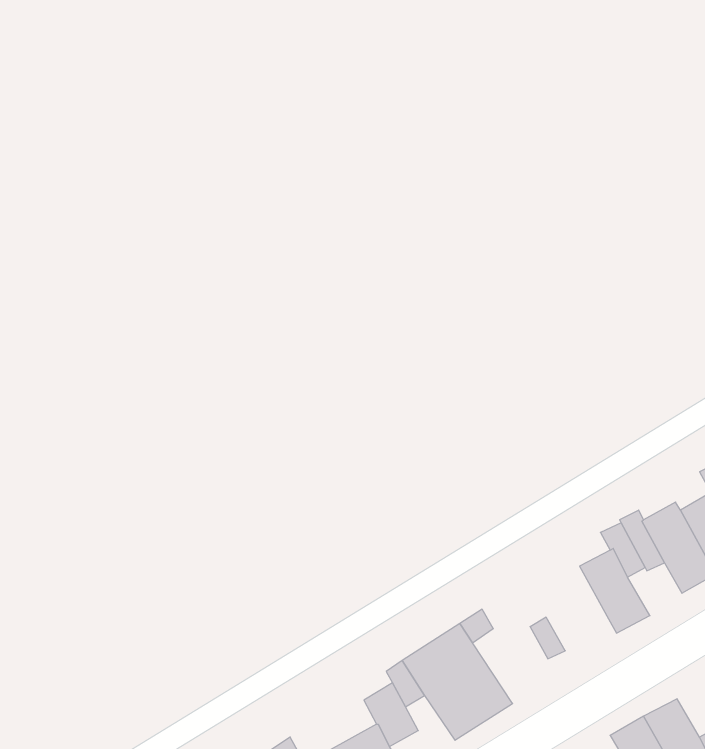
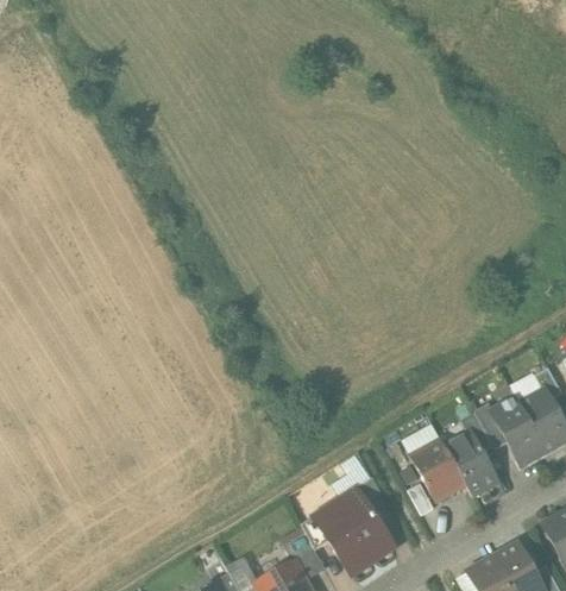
building: none -> [410,438,466,501]

